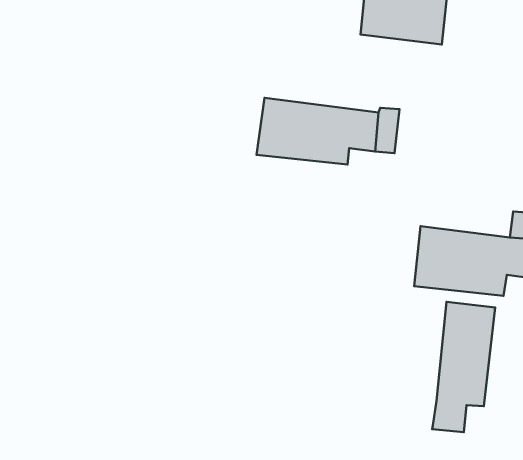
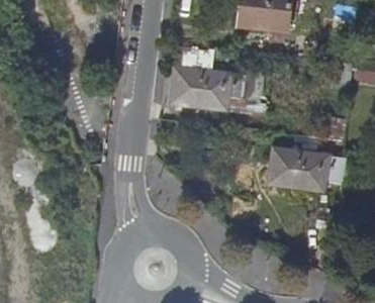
building: [432,302,495,432] -> none

